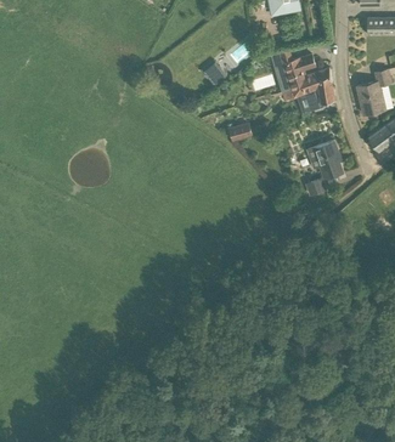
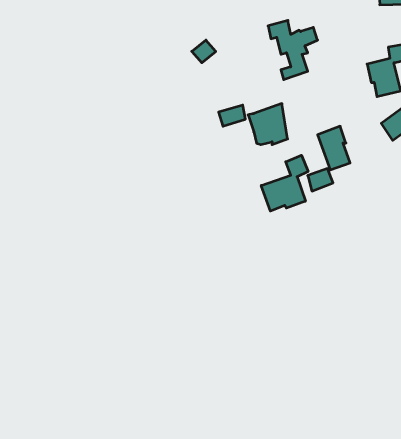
building: [300,68,334,103] -> [248,104,288,145]
building: none -> [261,155,308,211]

